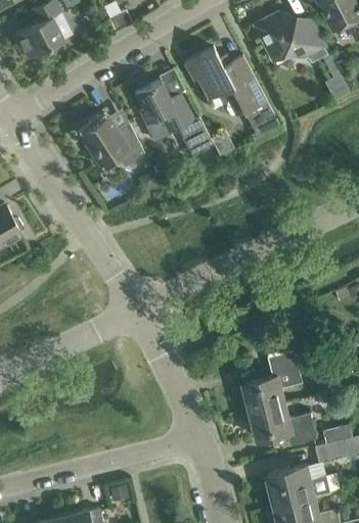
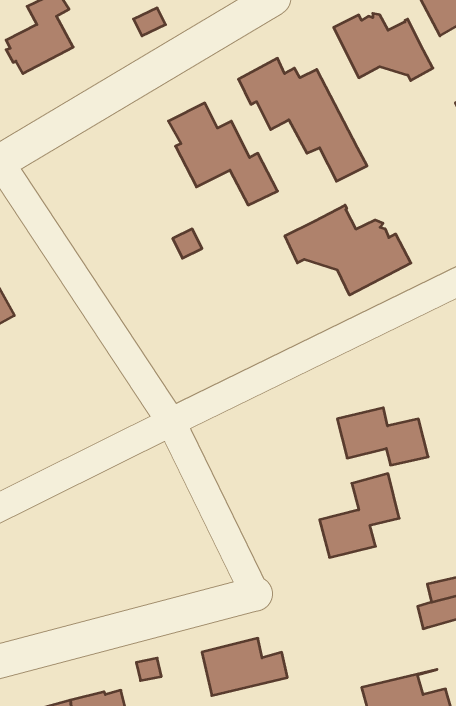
building: [78,116,143,167] -> none
building: none -> [285,205,411,295]
building: [251,403,317,445] -> [337,408,428,465]
building: [267,465,329,507] -> [202,638,287,696]

